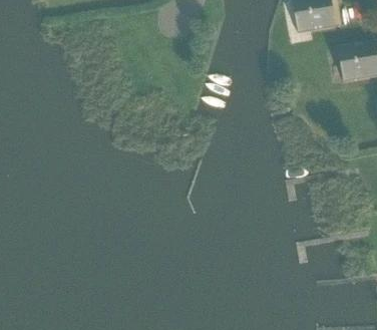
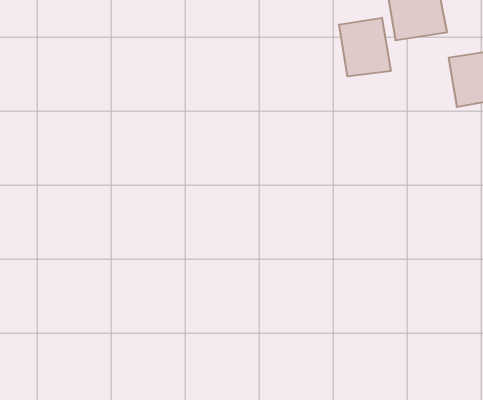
building: none -> [339,18,391,76]

